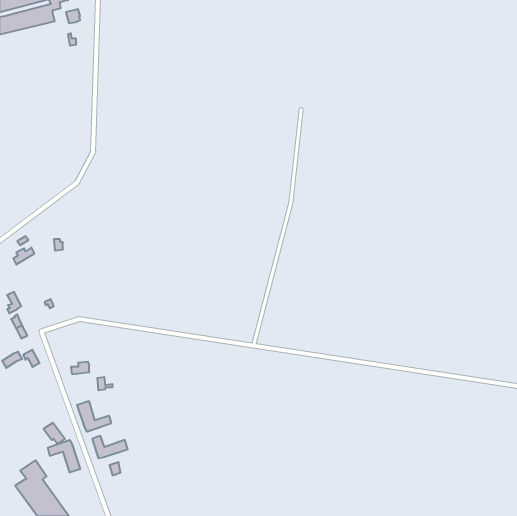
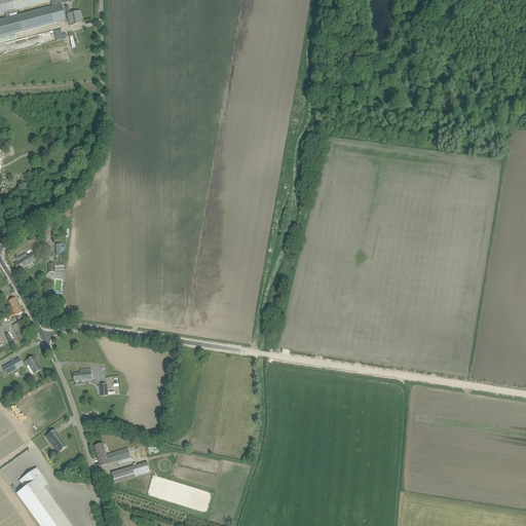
building: [77,401,111,432] -> none
building: [48,440,80,473] -> none

